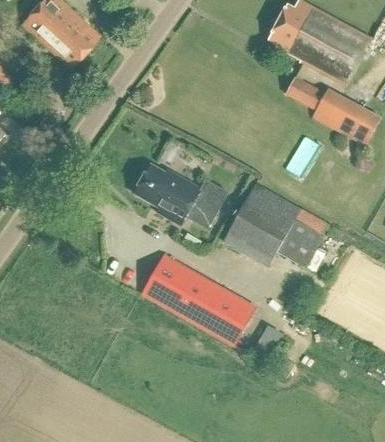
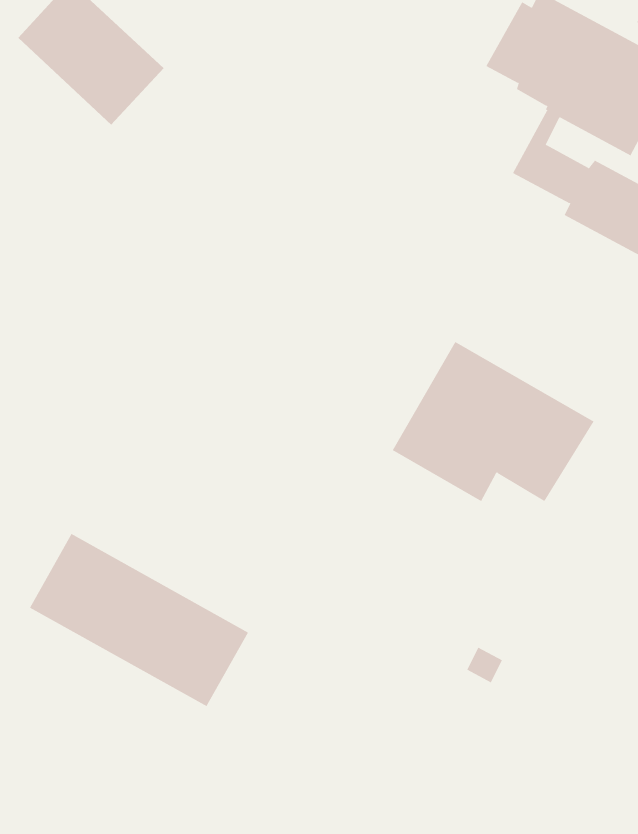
building: [133,163,227,227] -> none
building: [140,252,255,343] -> [29,533,249,707]

